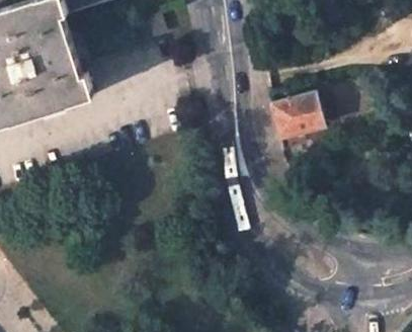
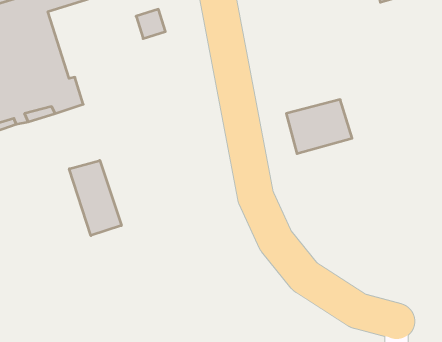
building: none -> [69,160,121,236]

